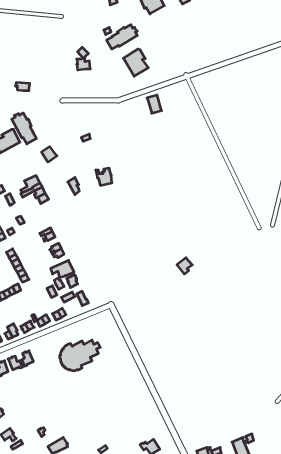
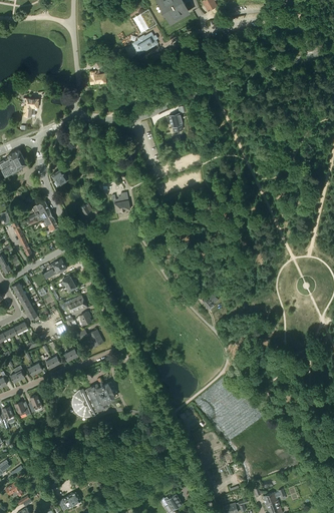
building: [123,49,148,76] -> none
building: [12,113,36,144] -> none

